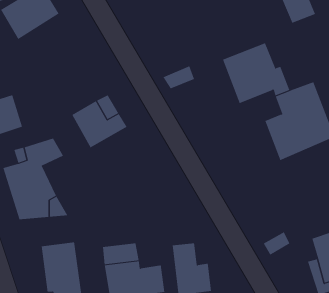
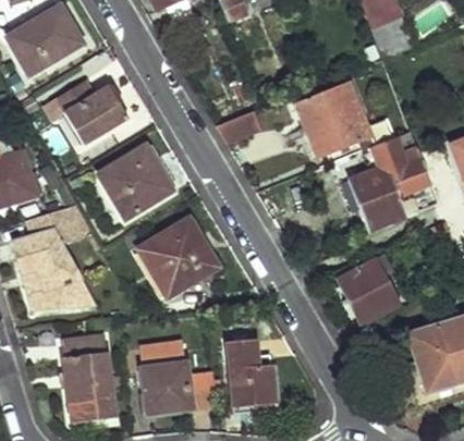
building: none -> [57,83,129,147]
building: none -> [137,219,218,297]
building: none -> [338,262,395,323]

